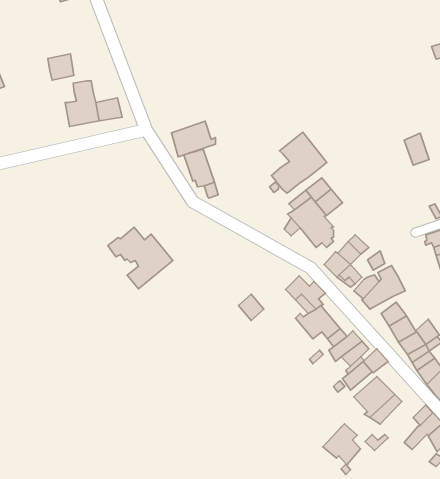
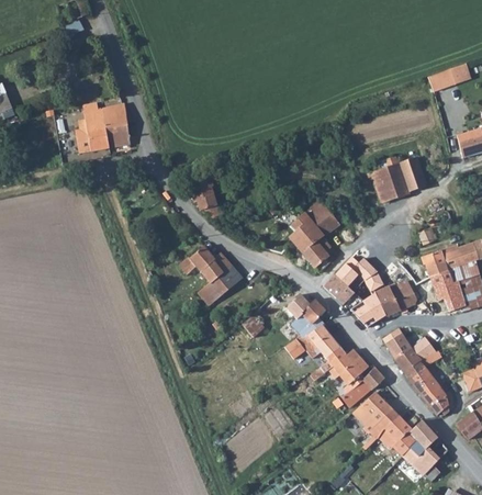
building: [48,54,74,80] -> [100,103,125,128]
building: [171,121,215,157] -> none
building: [271,132,327,193] -> none
building: none -> [372,162,411,202]
building: [108,227,173,289] -> [179,245,242,304]
building: none -> [390,280,417,310]
building: [323,424,361,465] -> [378,416,414,455]

